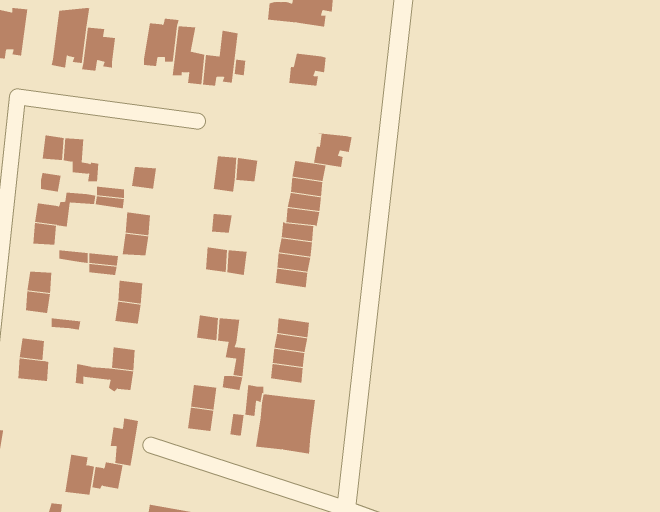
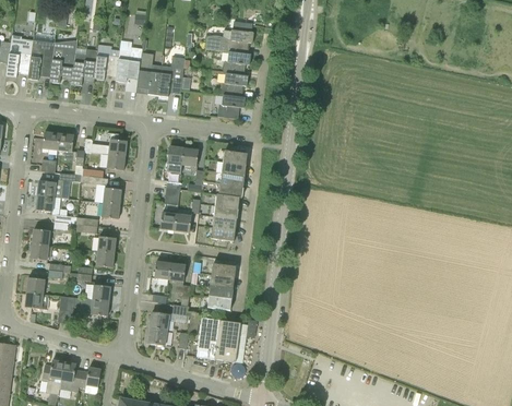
building: none -> [27,39,55,80]
building: none -> [94,47,120,80]
building: none -> [223,50,251,74]
building: [313,133,353,168] -> [217,94,246,119]
building: none -> [84,132,127,155]
building: [110,418,139,466] -> [43,359,63,394]

